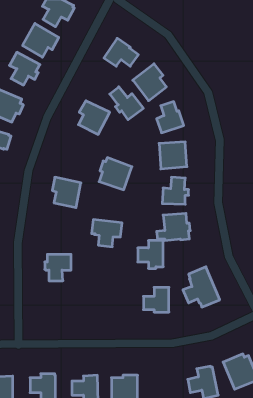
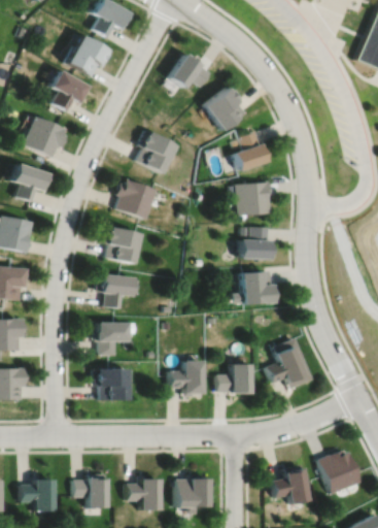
building: [110,87,143,120] -> none
building: [99,158,132,190] -> [115,178,157,219]
building: [92,220,122,247] -> [95,274,133,308]
building: [138,241,163,268] -> [170,362,202,397]
building: none -> [93,368,127,401]

